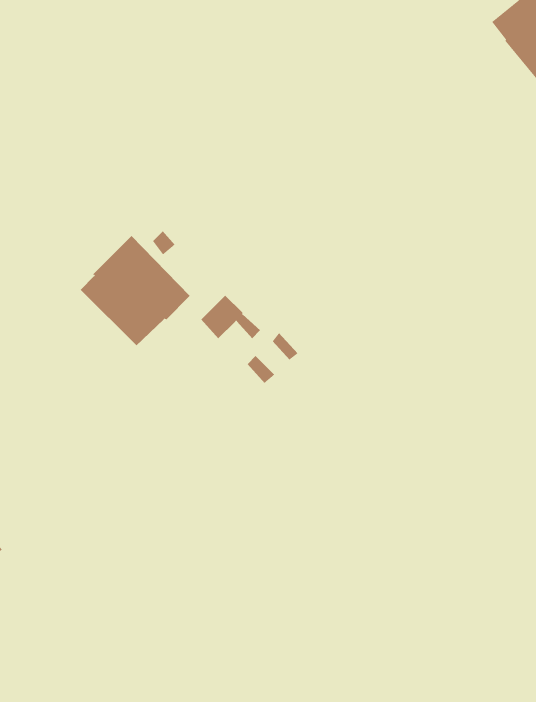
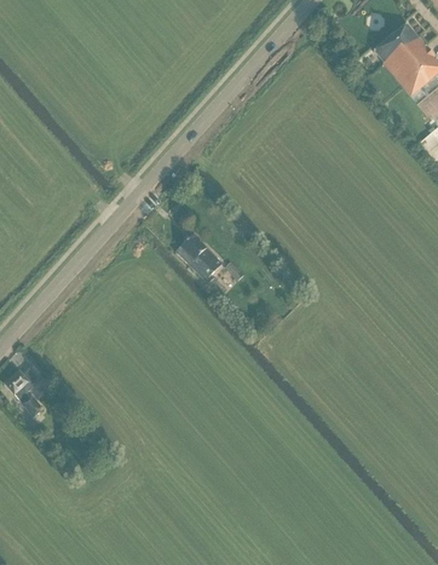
building: [80,235,191,346] -> none

